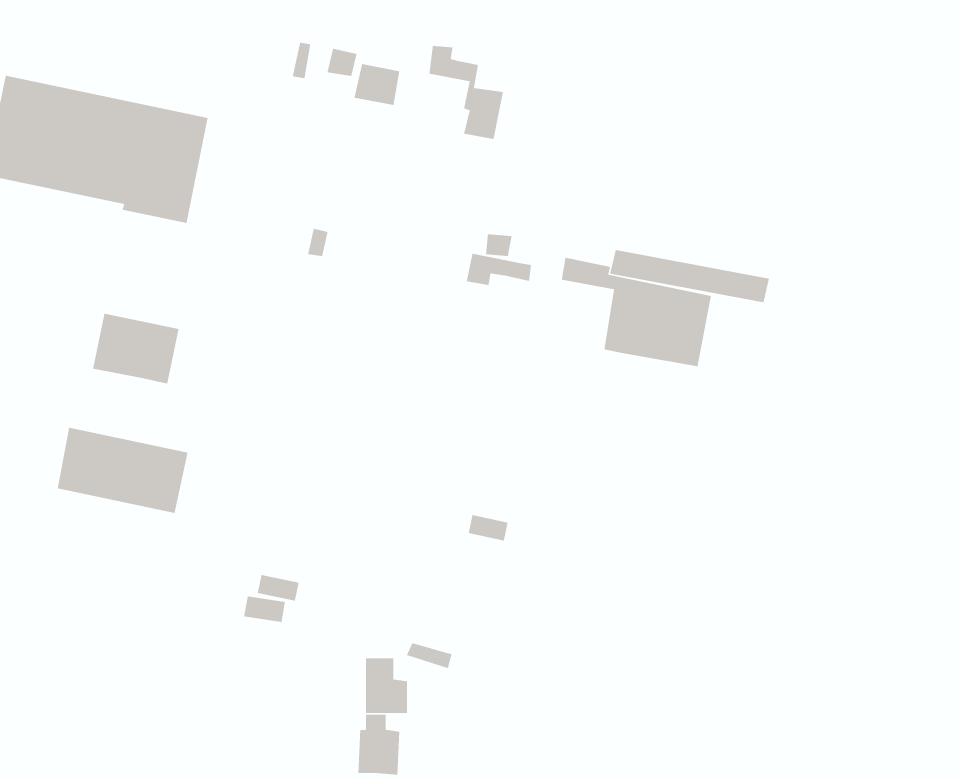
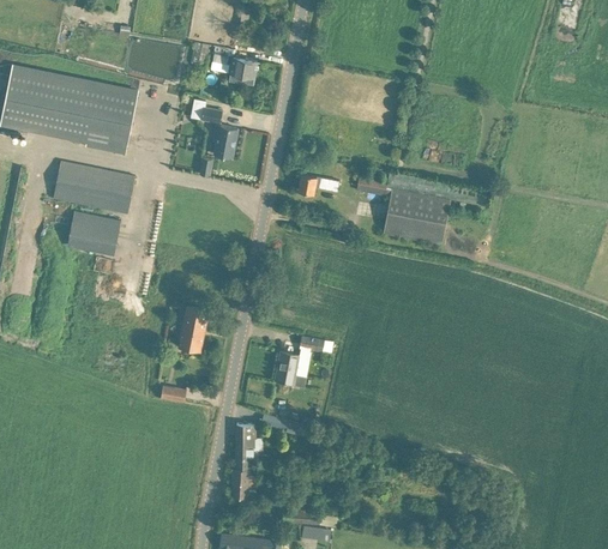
building: [428,45,504,140] -> [191,99,237,158]
building: [57,427,189,514] -> [53,161,134,215]
building: none -> [177,307,207,351]
building: none -> [273,352,299,386]

